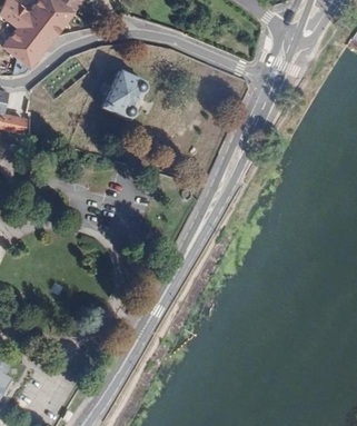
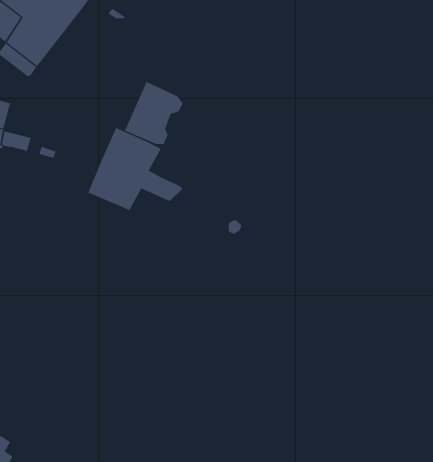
building: none -> [88,127,183,211]

